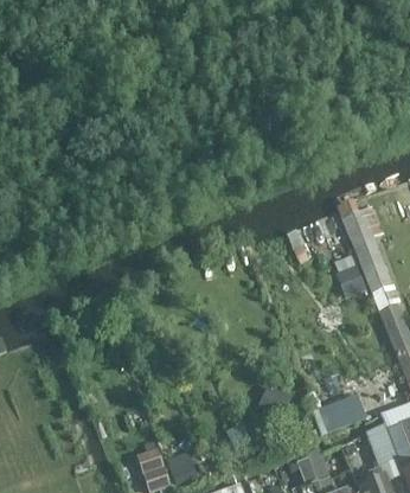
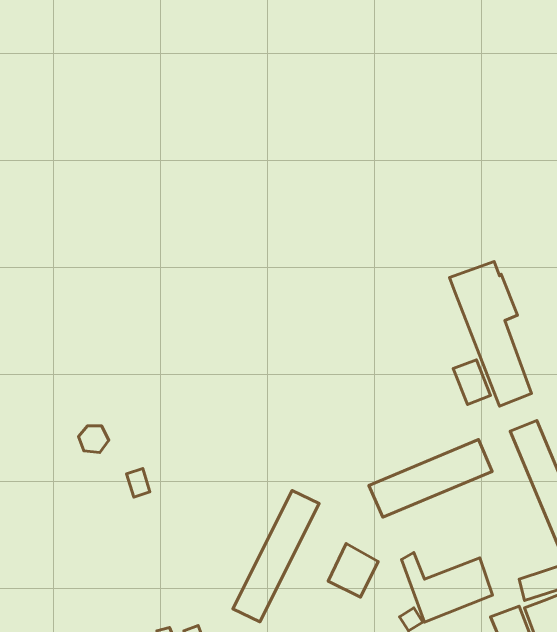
building: none -> [369,440,492,517]
building: none -> [233,490,319,622]

